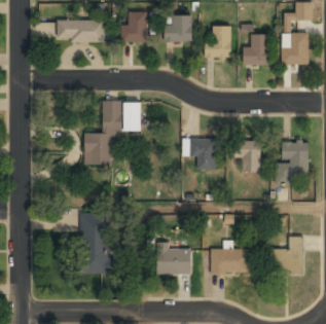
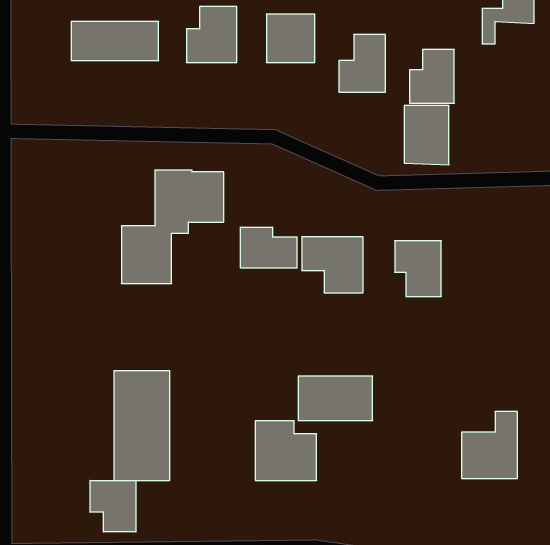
building: [284,32,309,65] -> [404,106,449,165]
building: none -> [241,227,297,268]
building: [276,141,309,181] -> none
building: [211,249,252,274] -> [298,376,373,421]
building: none -> [90,480,136,532]

